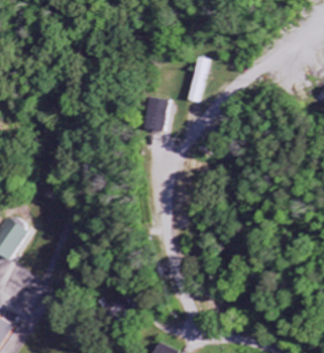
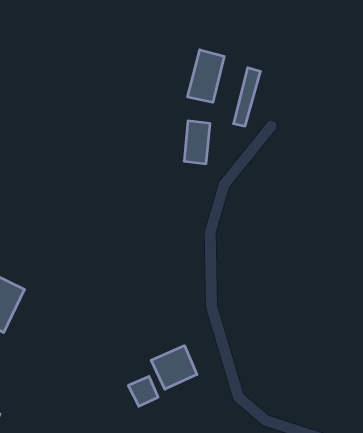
building: none -> [188,50,224,102]
building: none -> [151,346,197,389]

